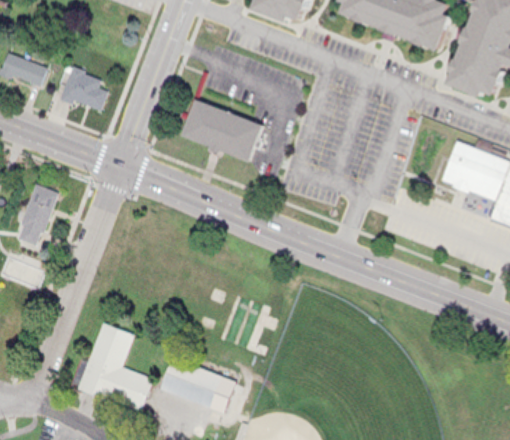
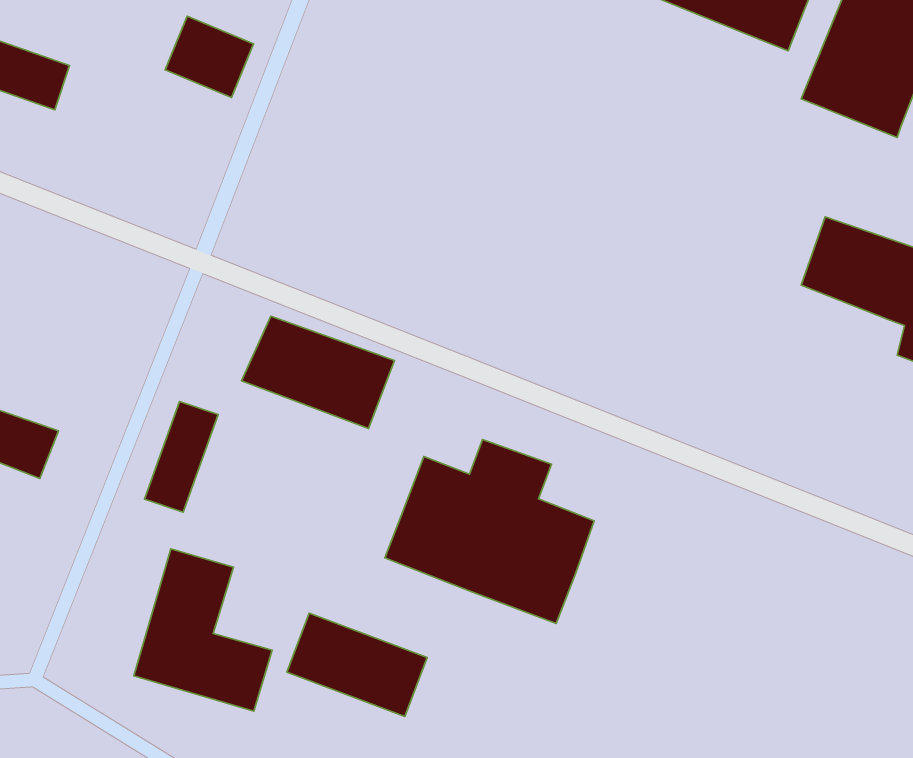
building: [59,66,107,110] -> [165,16,254,97]
building: [179,96,262,157] -> [241,316,394,429]
building: [15,183,55,243] -> [144,402,218,512]
building: none -> [385,439,594,623]

